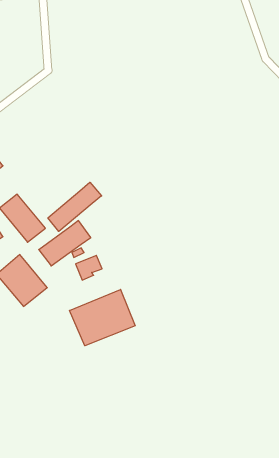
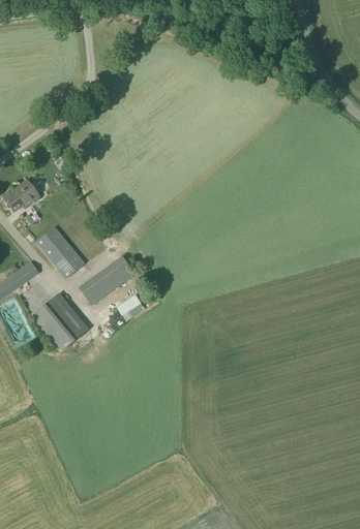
building: [48,182,102,231] -> none
building: [70,289,135,346] -> none

